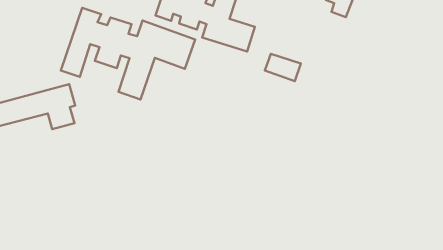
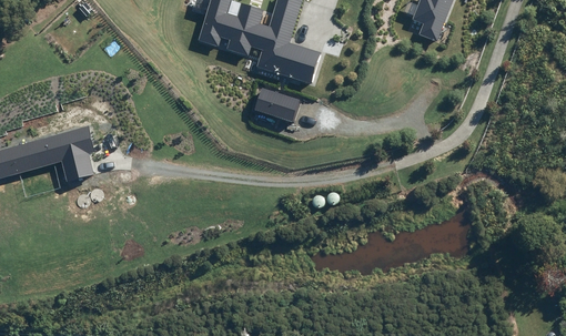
building: [61,8,195,99] -> none
building: [265,54,301,81] -> [255,89,301,123]

